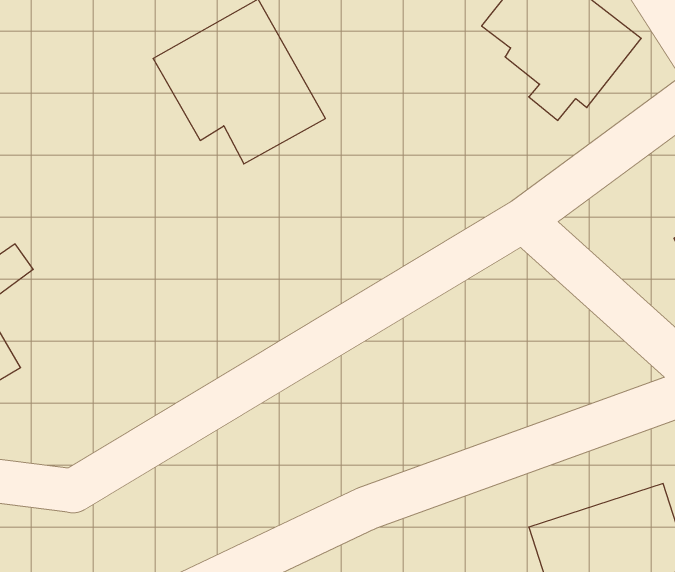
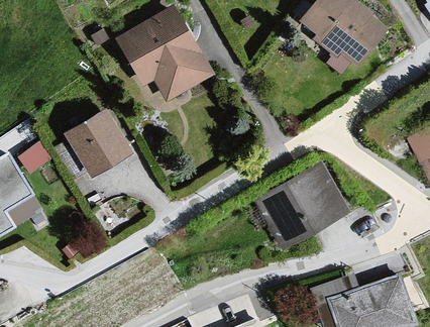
building: none -> [63,108,132,180]
building: none -> [252,166,349,252]

